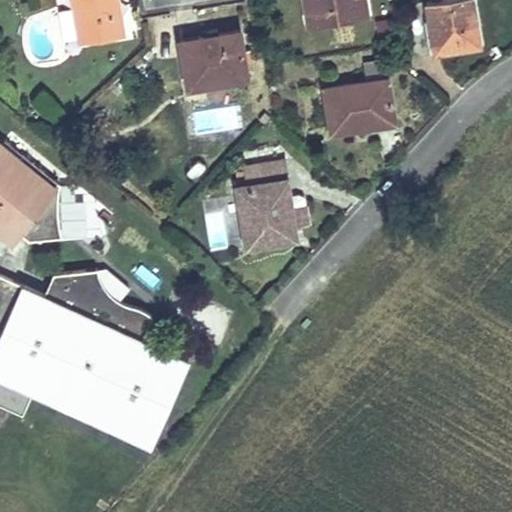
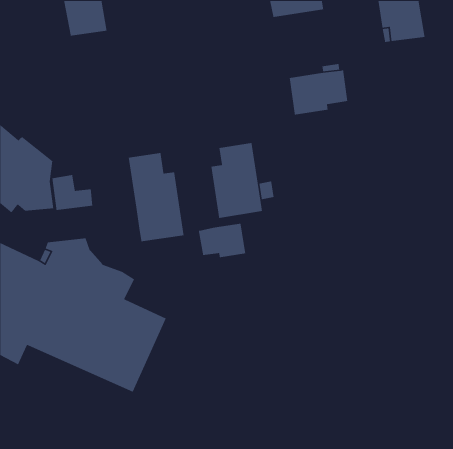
building: [179,35,246,92] -> none
building: none -> [128,152,185,242]
building: none -> [198,223,246,258]

